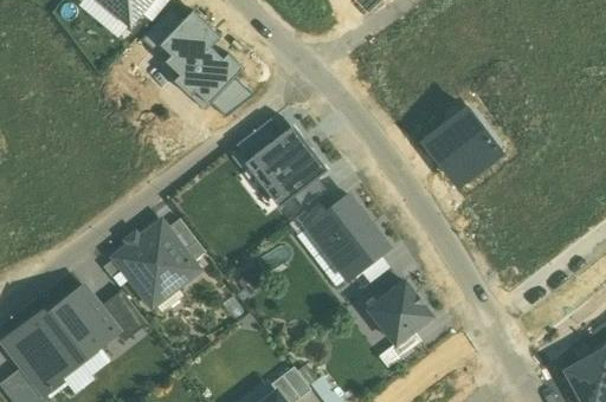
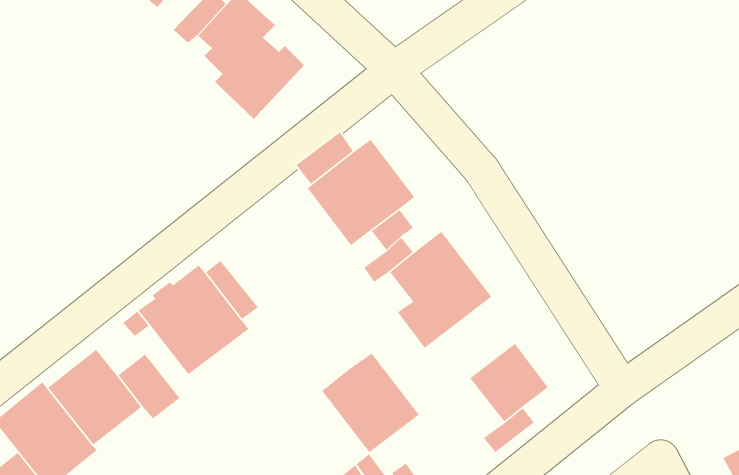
building: [209,78,252,116] -> none
building: [421,106,501,187] -> none
building: none -> [321,352,420,453]

